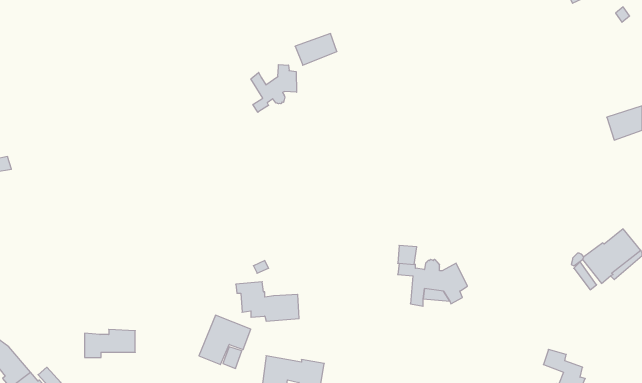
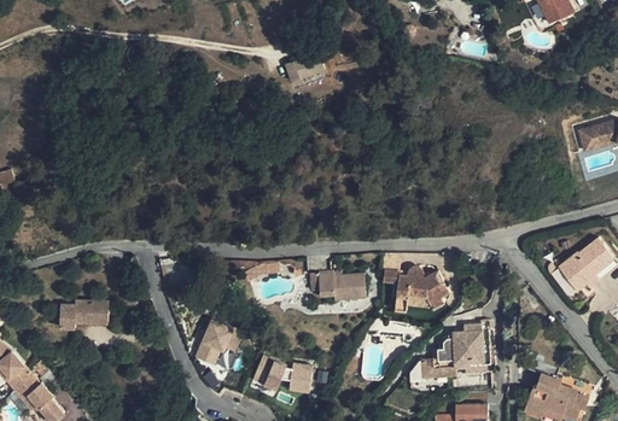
building: [251,65,297,112] -> none
building: [236,282,299,321] -> [304,262,365,299]
building: none -> [421,323,490,376]
building: [85,329,135,357] -> [59,300,107,327]

